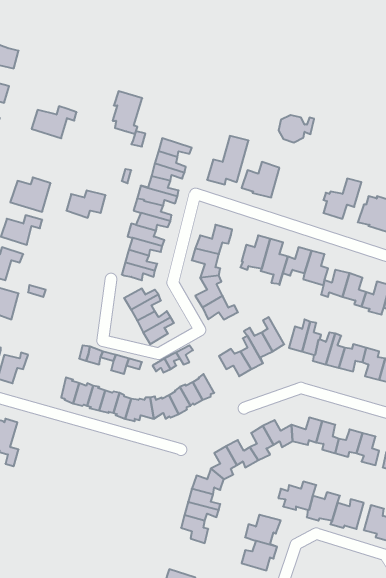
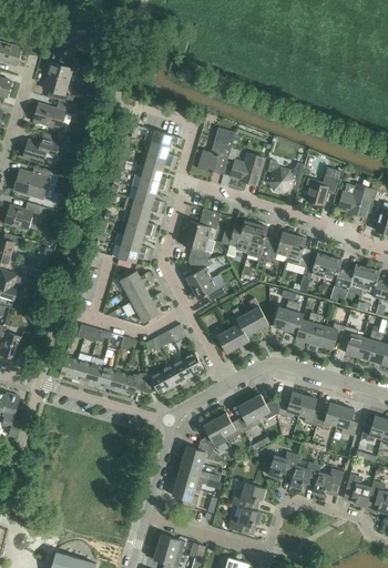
building: [113,91,142,134] -> [44,62,72,102]
building: [279,115,314,142] -> [268,168,302,193]
building: [66,190,106,218] -> [22,138,59,163]

